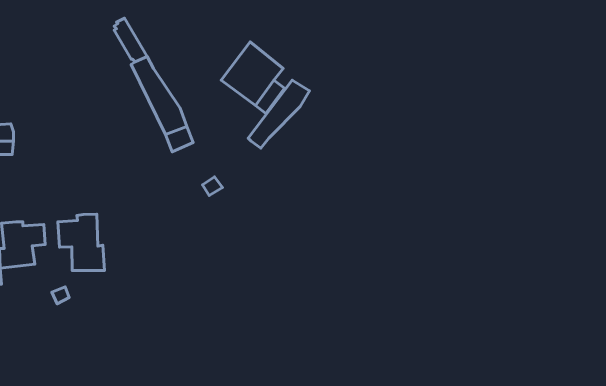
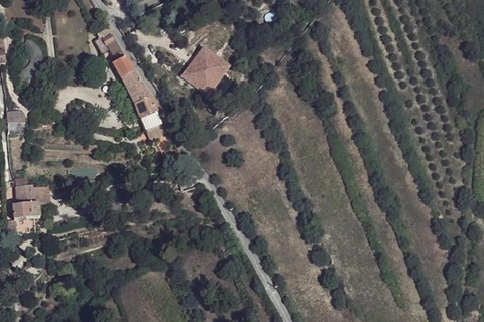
building: [248,80,310,148] -> none
building: [58,214,105,270] -> none

